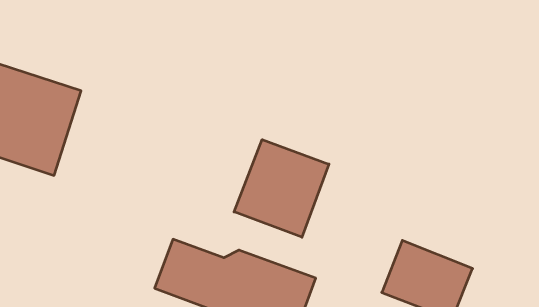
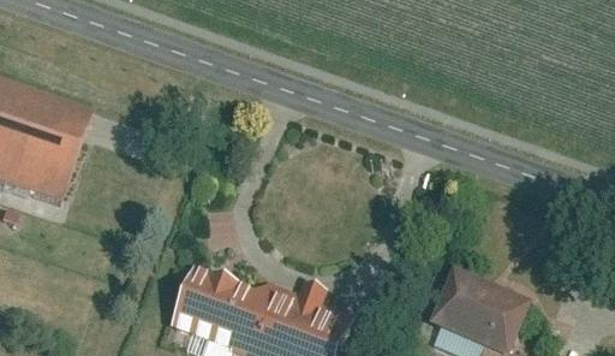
building: [234,140,329,237] -> none

